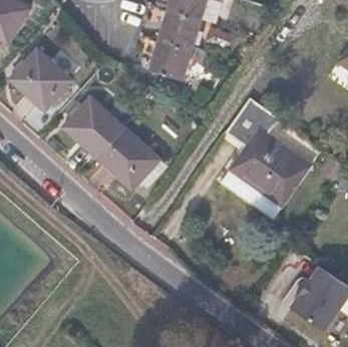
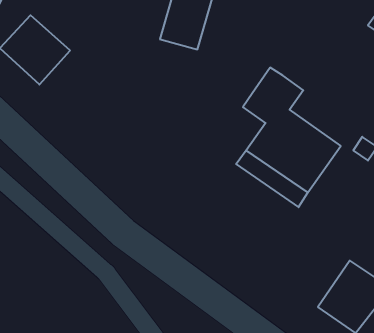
building: [63,96,160,190] -> none

